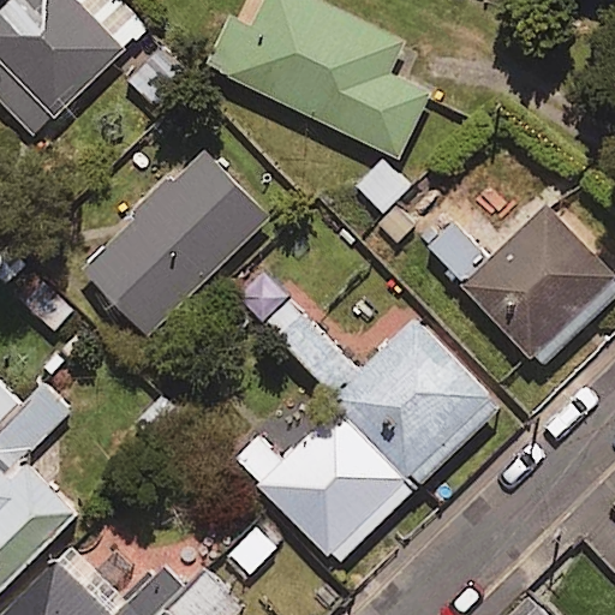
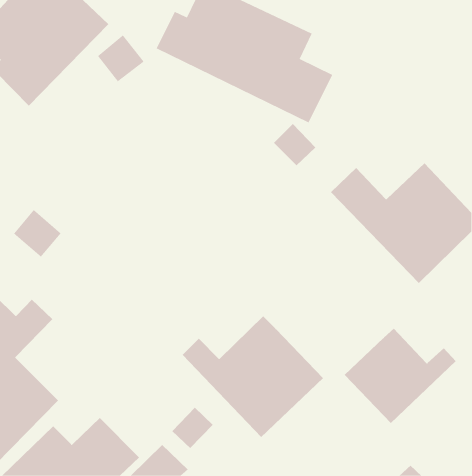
building: [79,148,268,338] -> none
building: [267,305,501,486] -> none
building: none -> [344,328,456,424]

